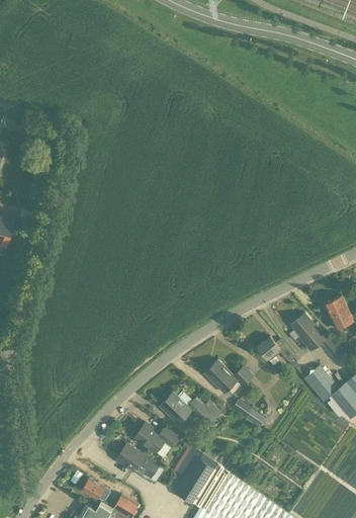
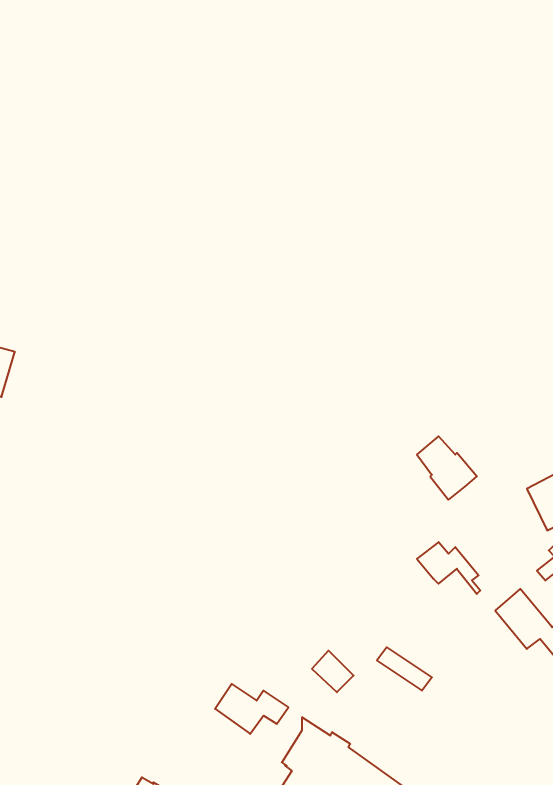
building: [291,314,328,352] -> [417,436,477,500]
building: [204,360,254,394] -> none
building: [160,393,192,425] -> none
building: [115,445,159,479] -> none

